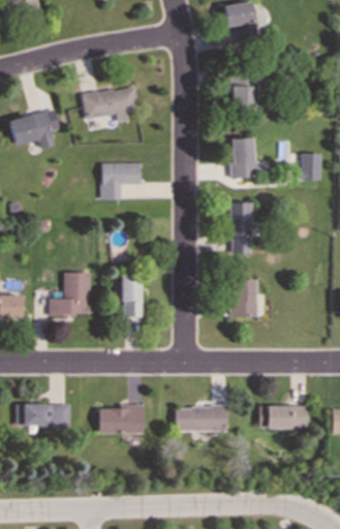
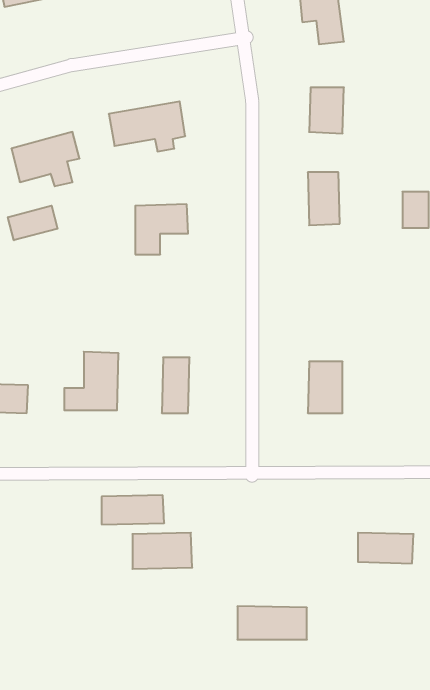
building: none -> [8,206,58,240]
building: [230,201,251,254] -> none
building: [25,404,71,426] -> [102,495,164,524]
building: [177,406,228,431] -> [237,606,307,640]

